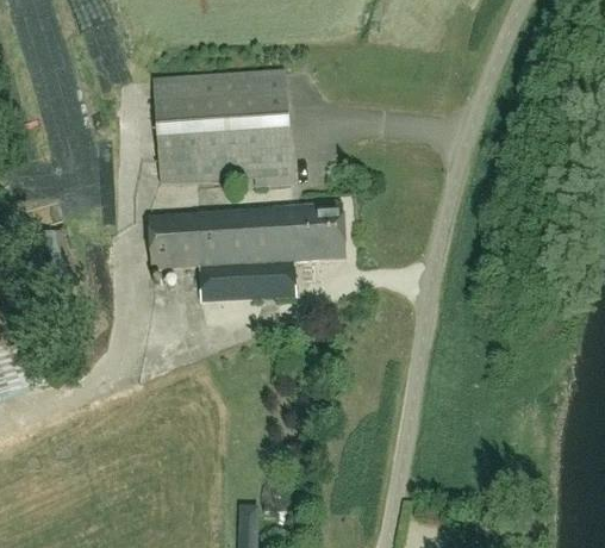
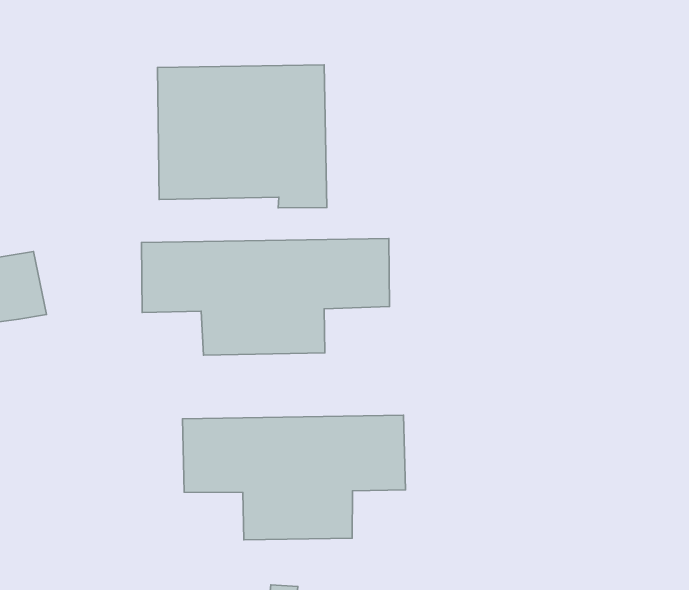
building: none -> [183,415,405,540]

